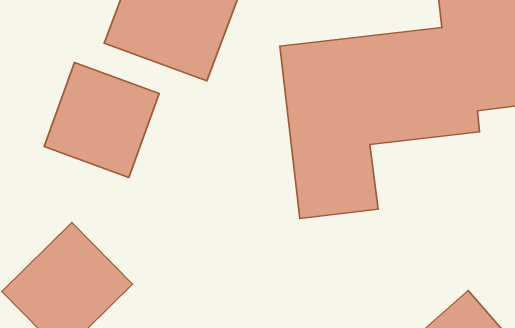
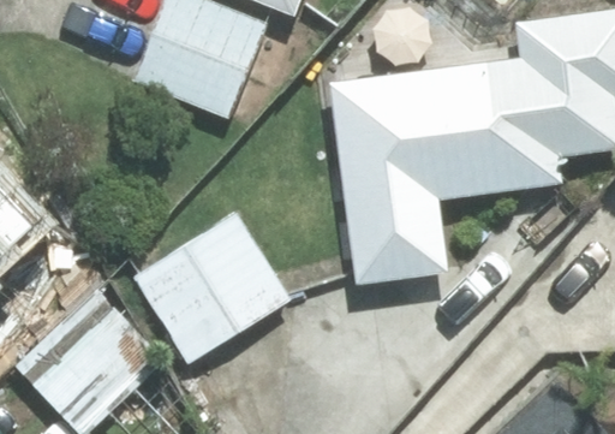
building: [44,62,159,178] -> none
building: none -> [131,212,293,367]

